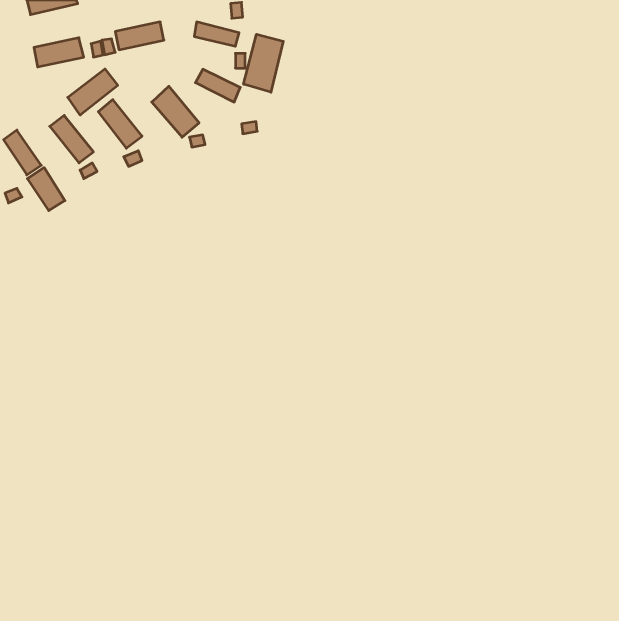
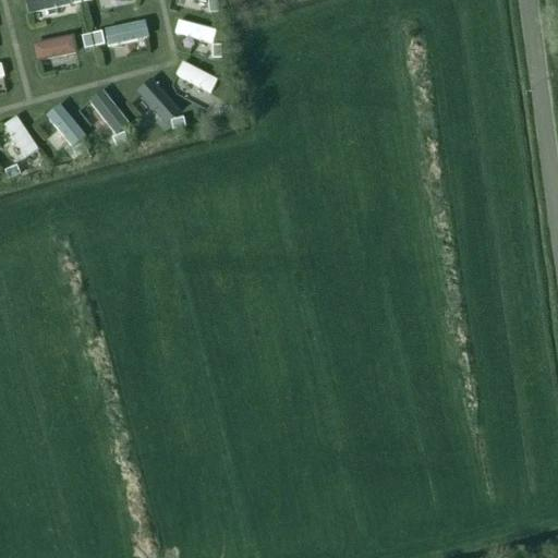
building: [244,34,283,92] -> none
building: [68,69,118,115] -> none
building: [27,168,65,211] -> none

